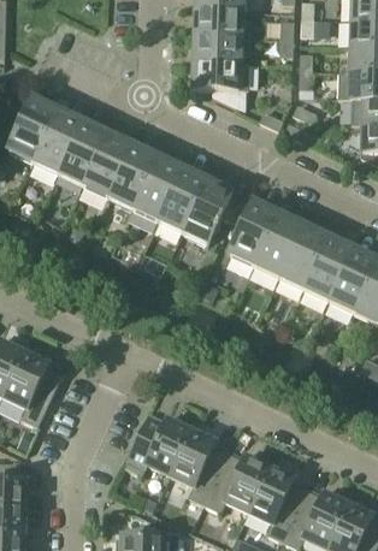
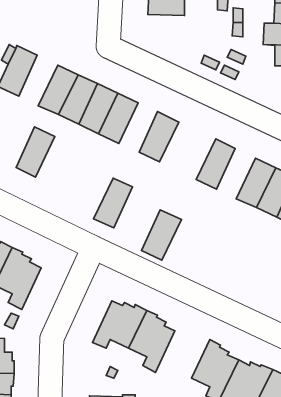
building: [193,61,249,108] -> none
building: [34,112,82,174] -> [16,127,55,177]
building: [158,171,206,232] -> [94,178,132,228]
building: [229,203,278,266] -> [142,210,181,260]
building: [279,227,327,290] -> none
building: [203,454,271,513] -> none

